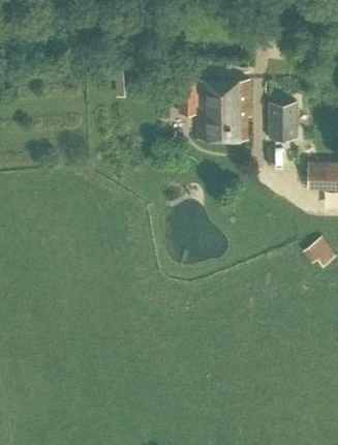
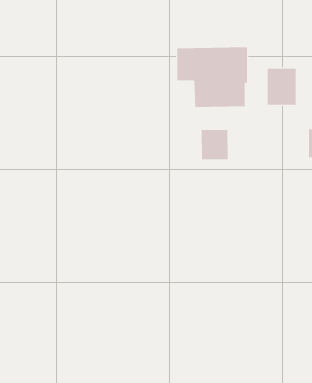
building: none -> [201,129,228,160]

